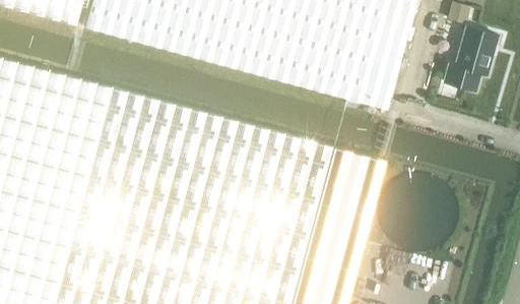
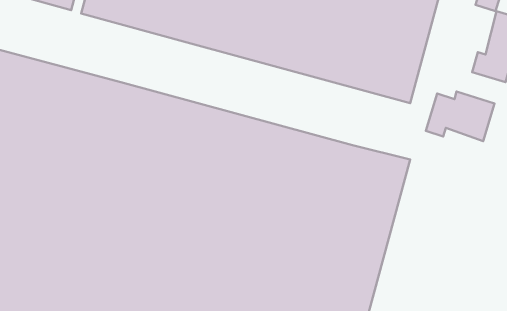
building: none -> [426,91,494,141]

